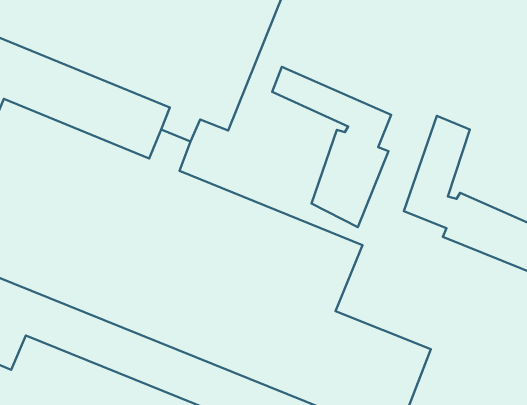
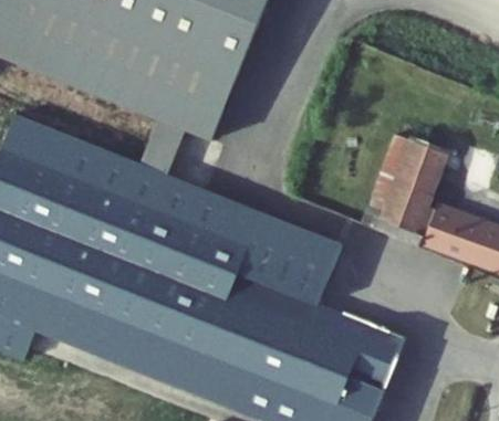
building: [272,67,391,227] -> none

